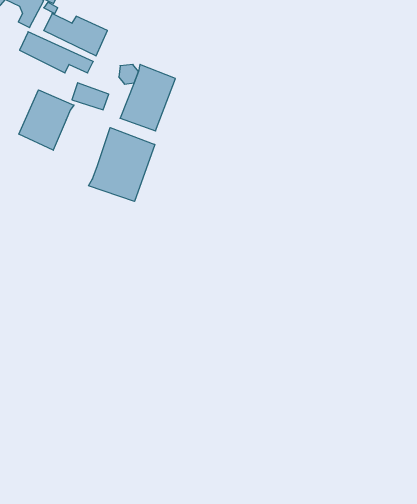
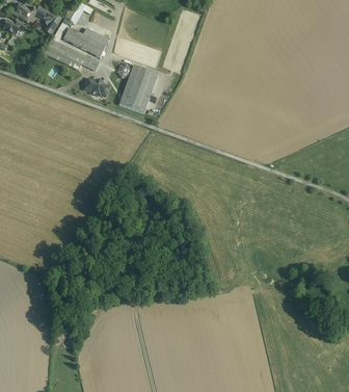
building: [19,90,74,150] -> none
building: [89,128,155,201] -> none

